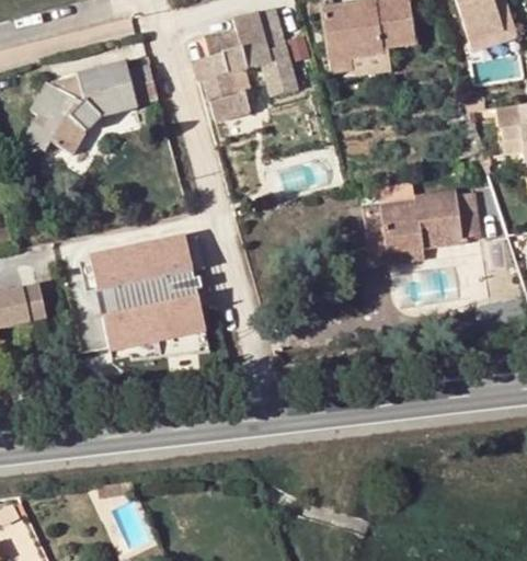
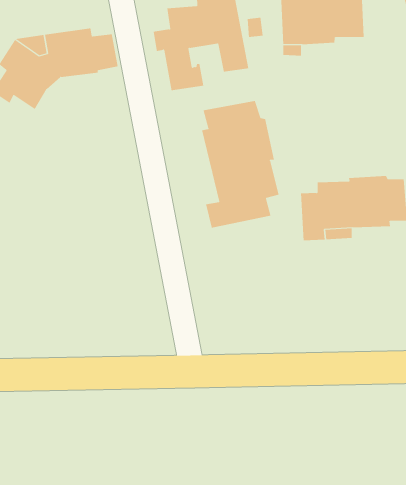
building: none -> [201,100,279,228]
building: [87,234,209,359] -> none

